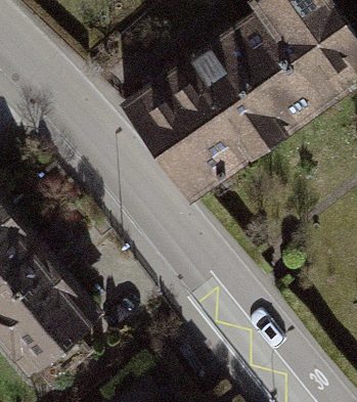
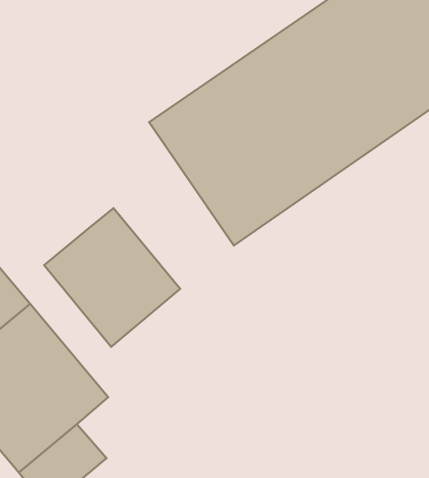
building: none -> [44,208,180,347]

